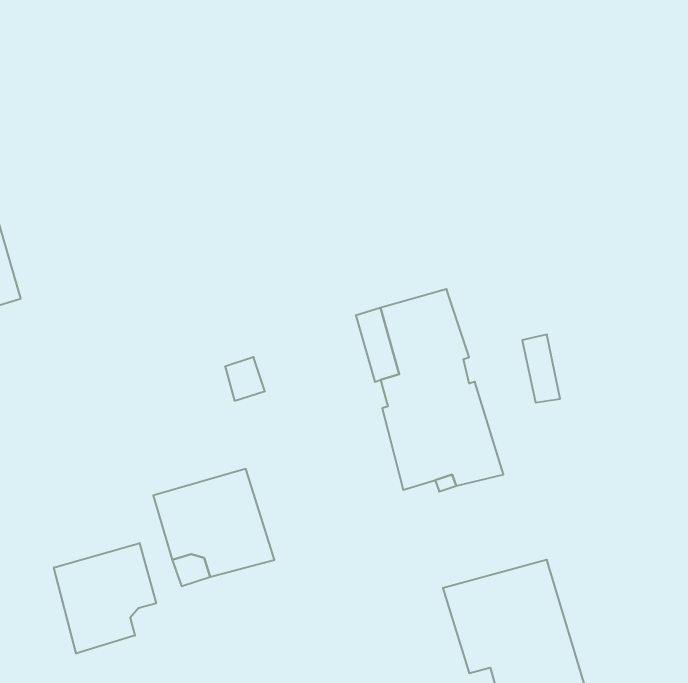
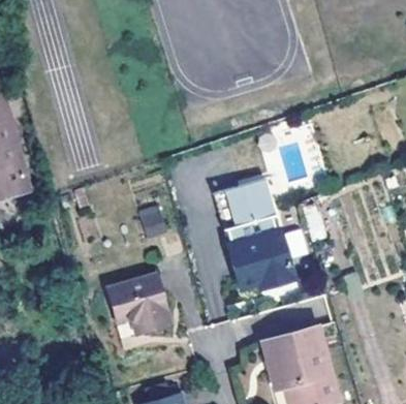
building: [54,543,156,654] -> none

